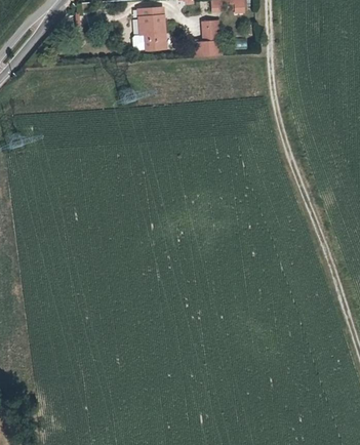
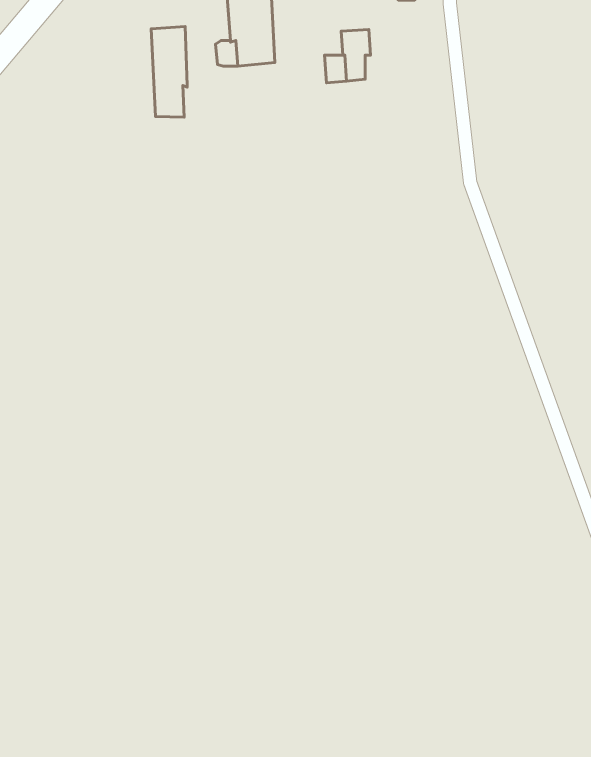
building: none -> [151,27,187,117]

